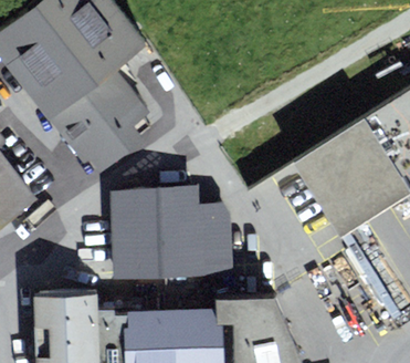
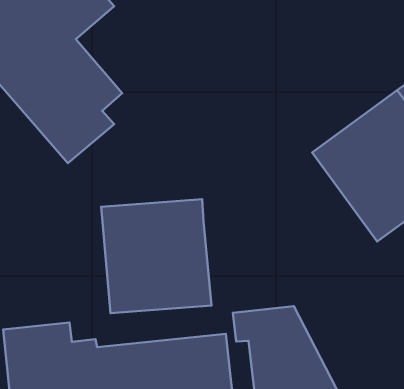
building: [203,214,232,282] -> none

